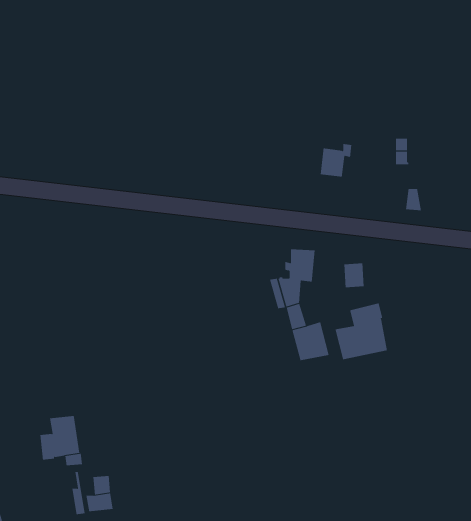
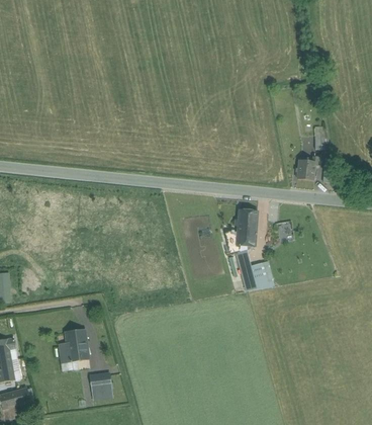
building: [320,144,352,177] -> [297,156,320,180]
building: [335,302,388,360] -> none

